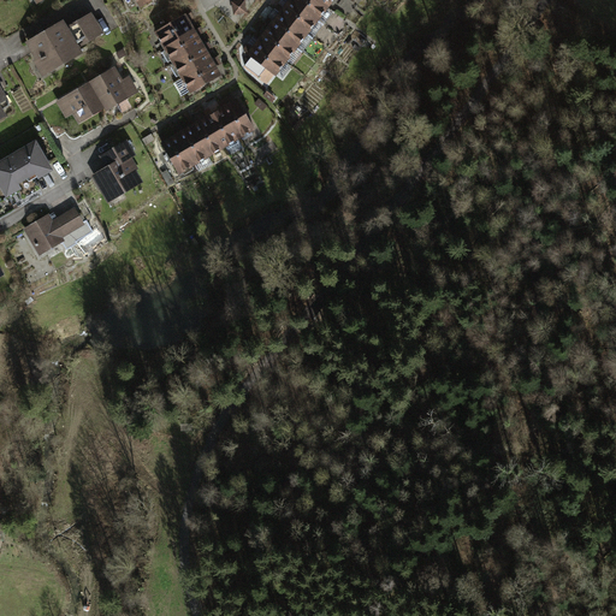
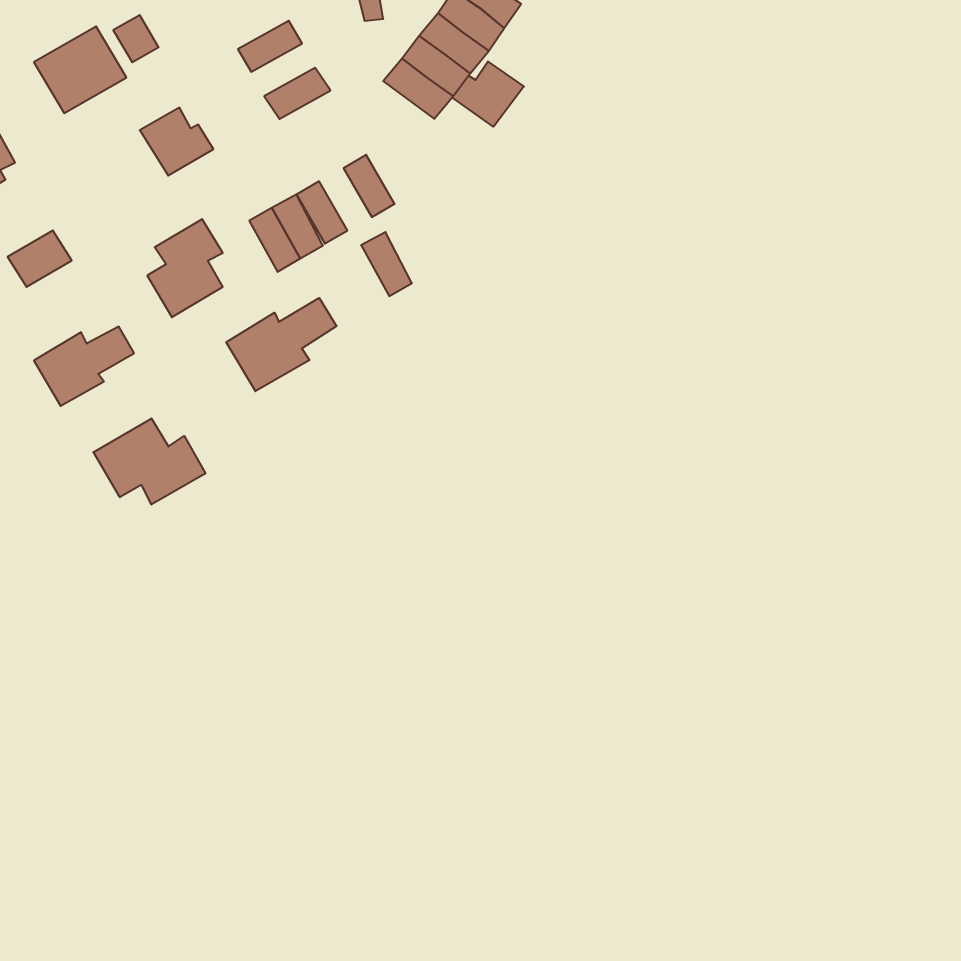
building: [160,28,201,61] -> none
building: none -> [452,61,524,127]
building: [178,58,219,91] -> none
building: [57,85,102,125] -> none
building: [203,107,236,148] -> [361,232,412,296]
building: none -> [226,298,336,391]
building: none -> [93,418,205,505]

